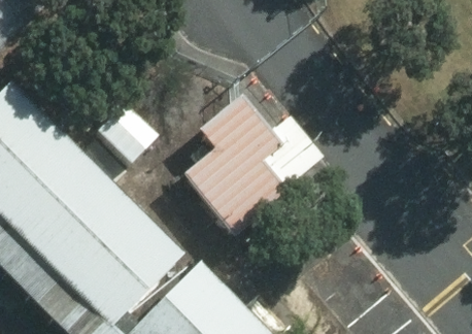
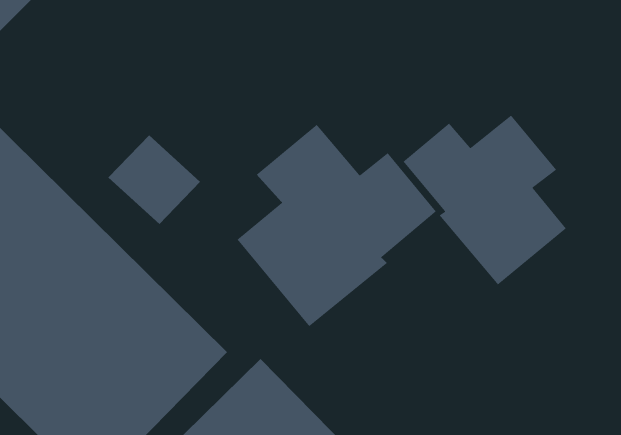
building: none -> [403,115,567,285]

